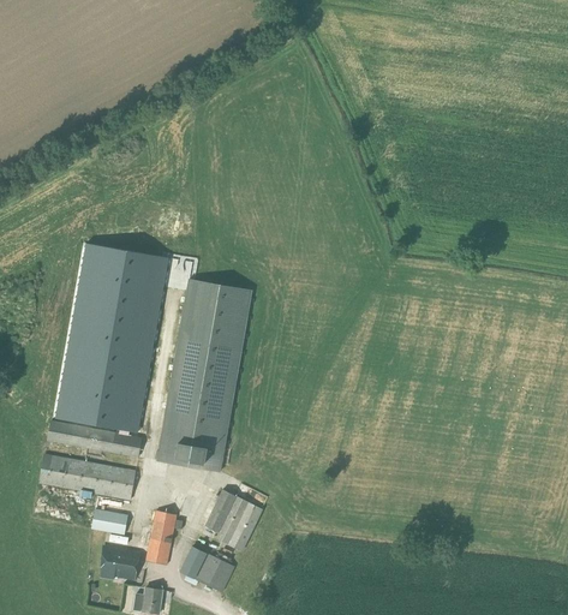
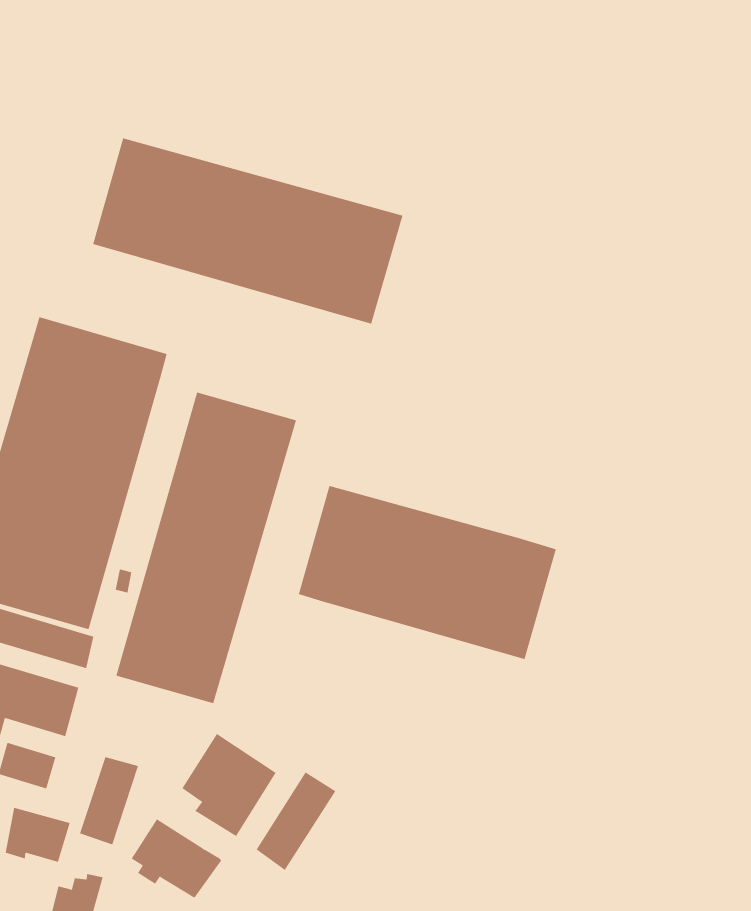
building: none -> [92,137,403,324]
building: none -> [298,485,556,660]
building: none -> [256,771,336,871]

